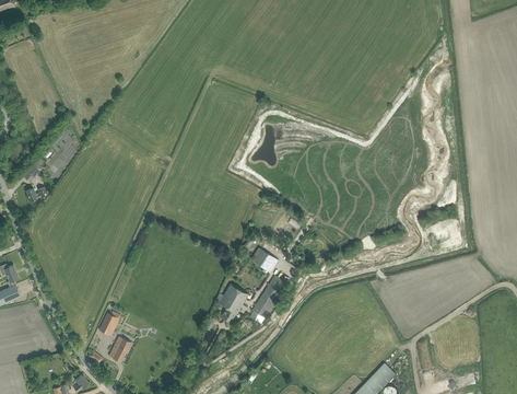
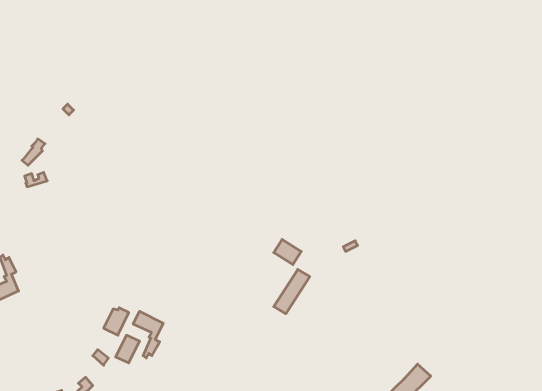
building: [219,283,248,322] -> none
building: none -> [133,311,163,358]

